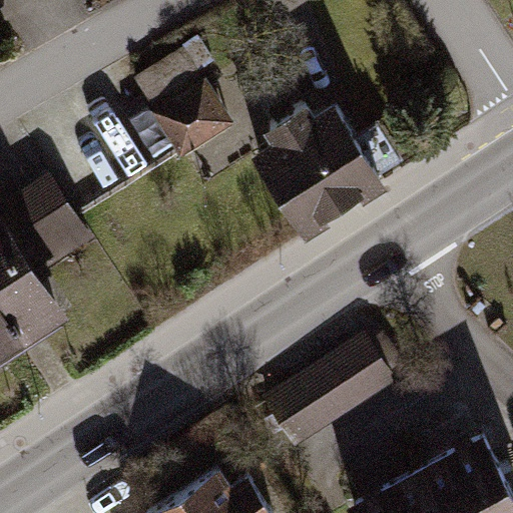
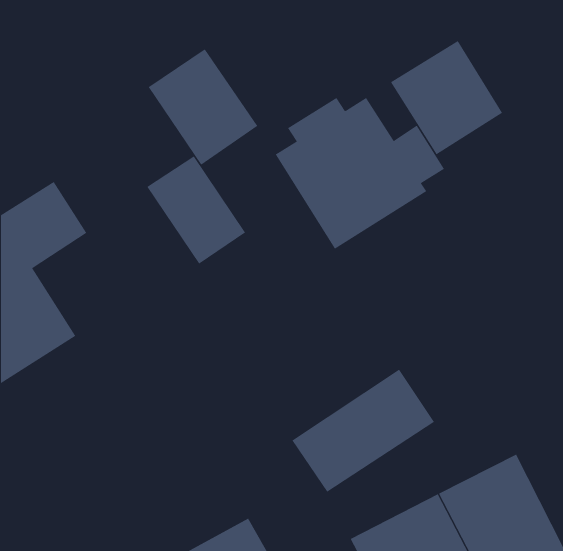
building: none -> [390,40,503,155]
building: none -> [147,155,246,265]

